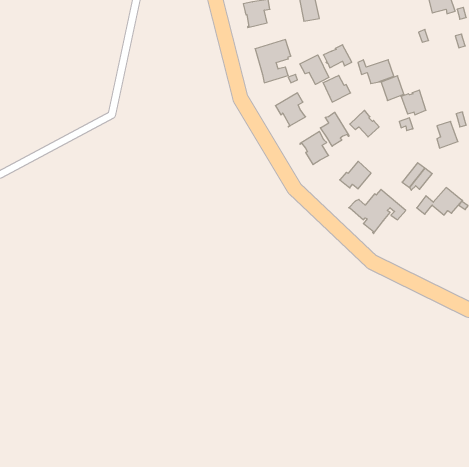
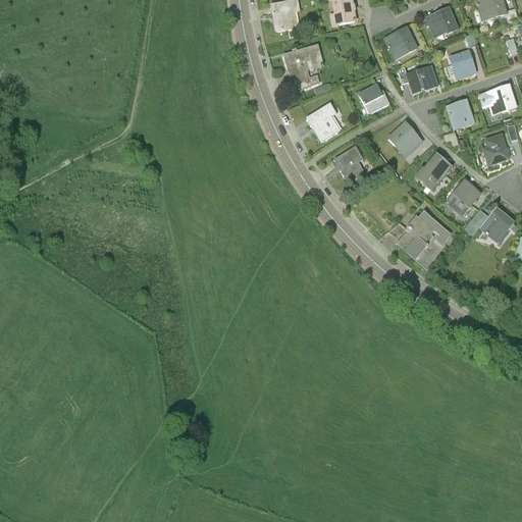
building: none -> [426,8,457,33]
building: [323,45,352,68] -> [384,28,416,53]
building: [300,55,329,84] -> none
building: [381,76,404,101] -> [450,51,475,79]
building: none -> [479,86,515,111]
building: [320,112,349,146] -> none
building: [340,161,371,189] -> [415,155,450,186]

